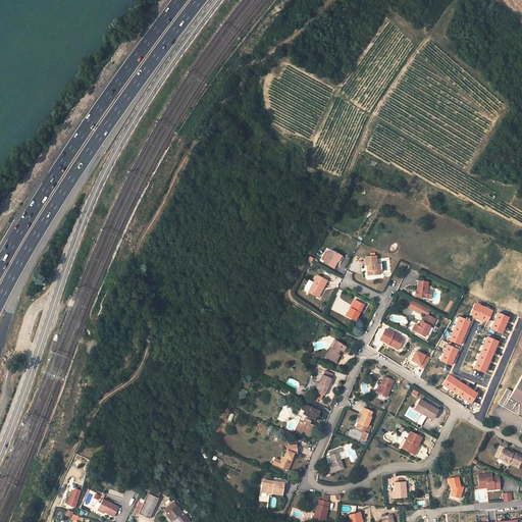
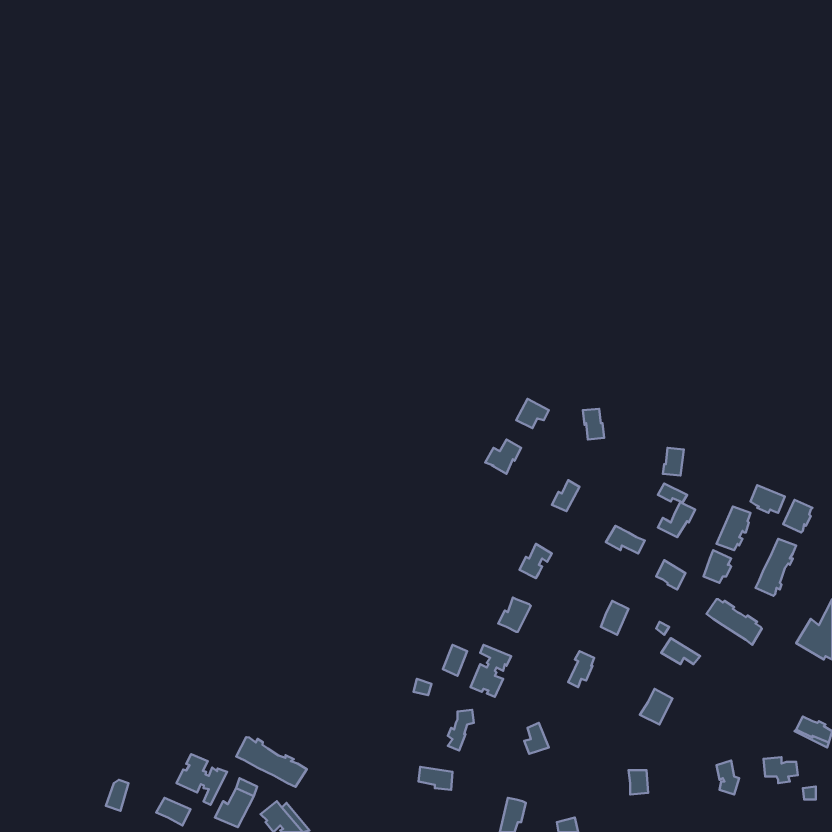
building: none -> [236,737,307,787]
building: none -> [176,754,227,805]

